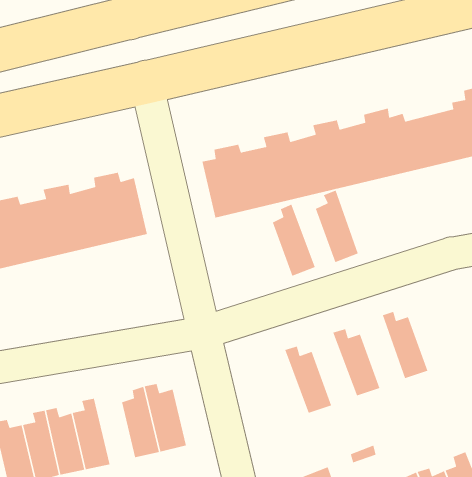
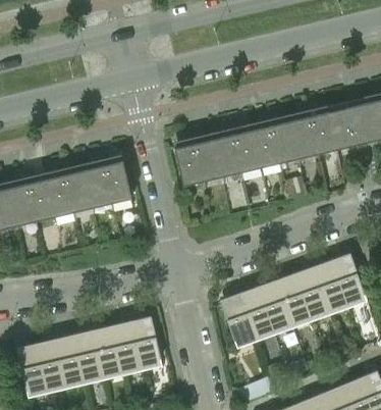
building: [315,190,359,263] -> [294,263,328,319]
building: [272,203,316,277] -> [258,276,291,332]
building: none -> [331,250,366,306]
building: none -> [220,290,255,346]
building: none -> [92,324,122,377]

